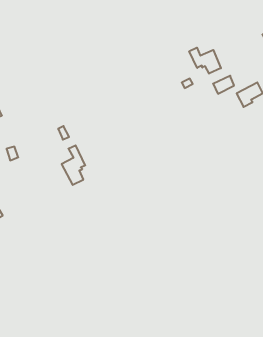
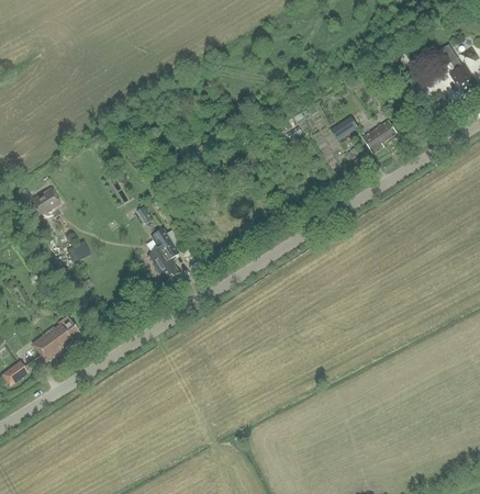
building: [189,48,221,74] -> none

